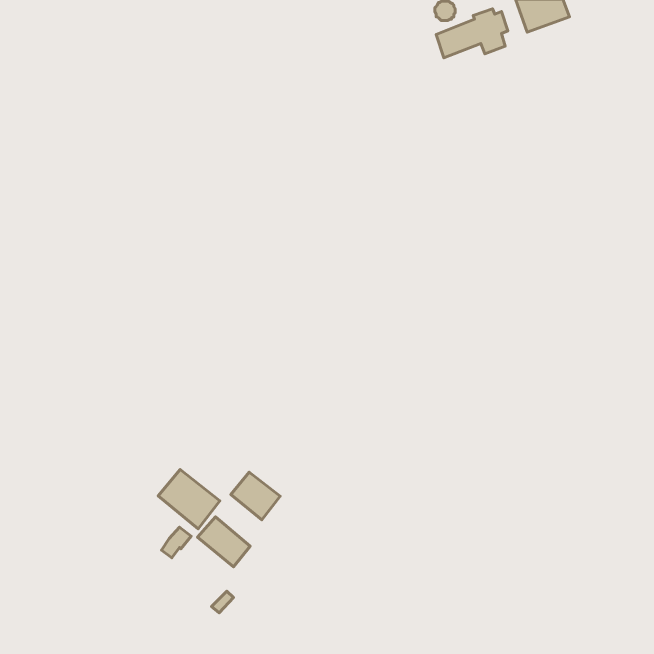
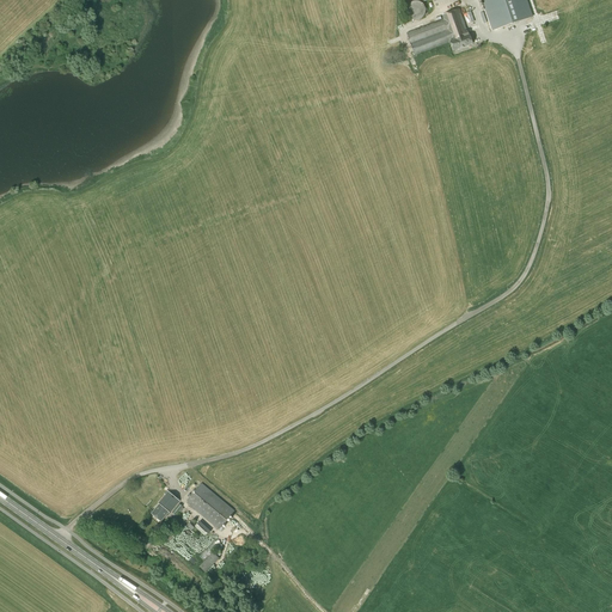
building: [158,469,220,529] -> none
building: [231,472,280,520] -> none

